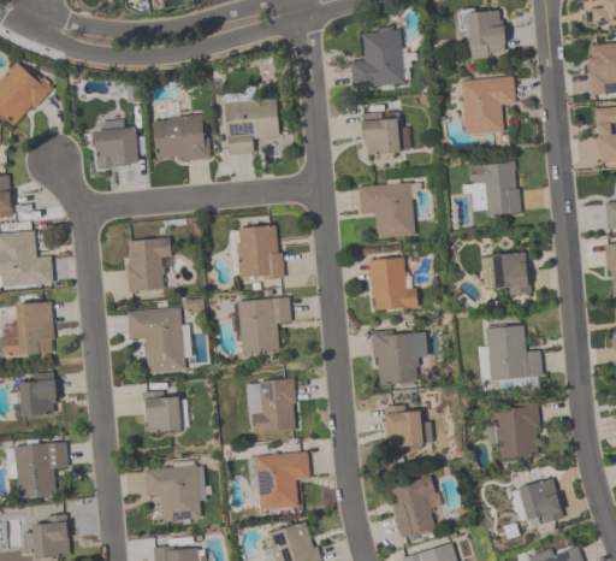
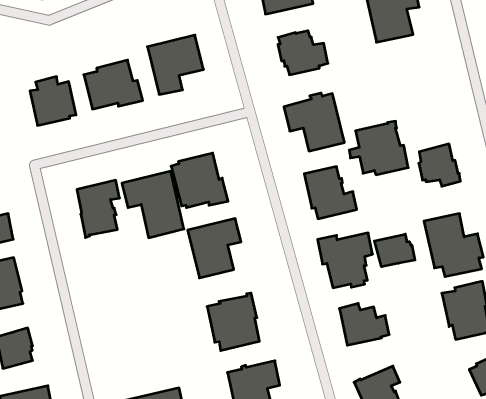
building: [462,161,521,214] -> [349,121,408,175]
building: [128,307,185,373] -> [122,171,184,238]
building: none -> [374,234,415,267]
building: [142,390,180,432] -> none

